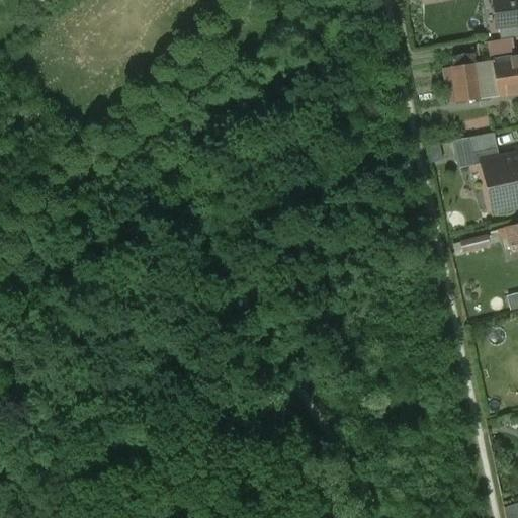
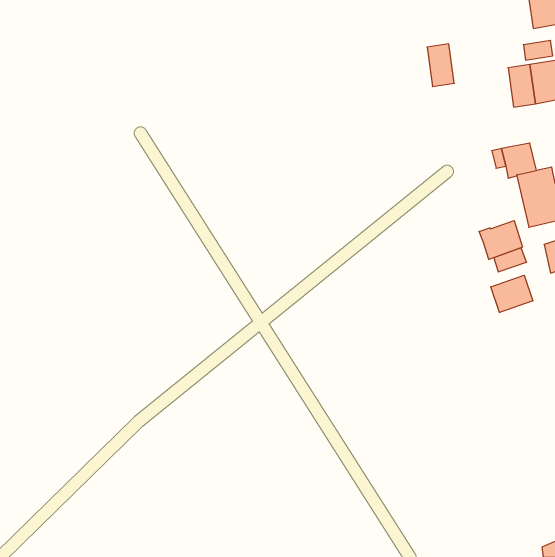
building: [453,63,479,102] -> [427,44,454,87]
building: none -> [479,221,523,260]
building: none -> [491,275,533,313]

